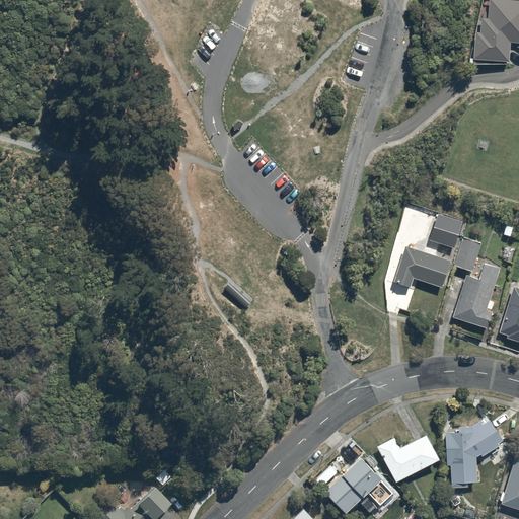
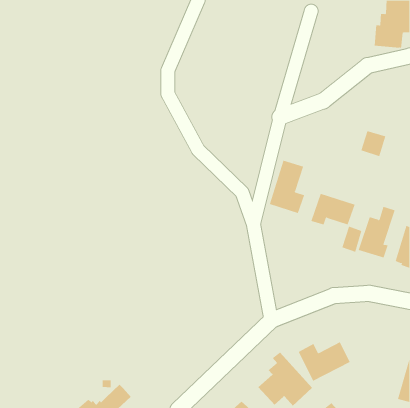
building: none -> [269,160,305,214]
building: [429,215,461,248] -> [361,130,386,157]
building: [454,238,480,272] -> [341,226,362,252]
building: [446,419,502,489] -> none

